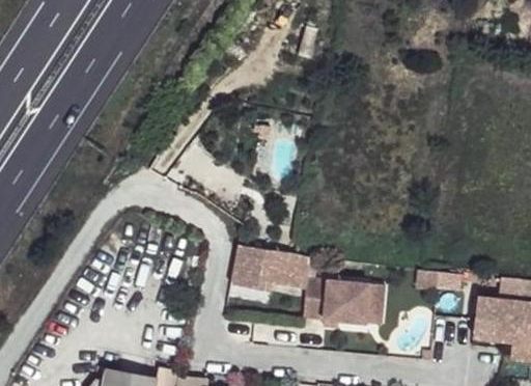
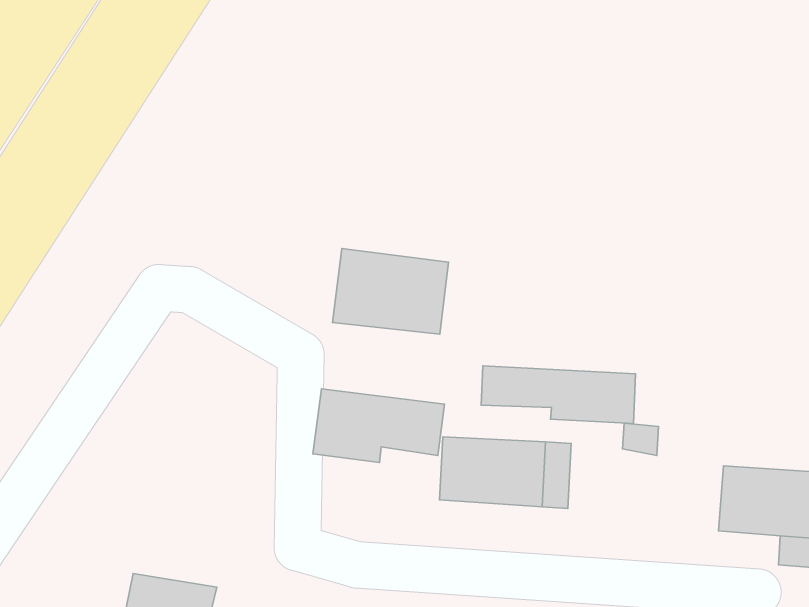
building: none -> [332,249,449,334]
building: none -> [481,366,635,424]

